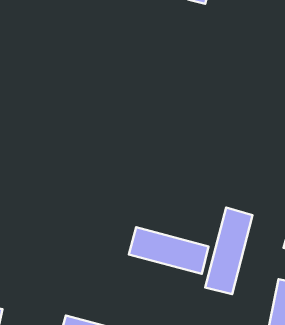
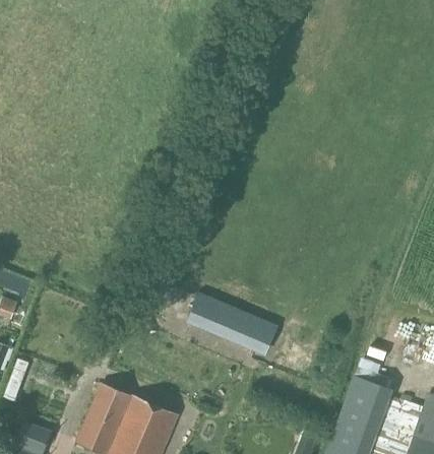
building: [205,207,252,294] -> none

